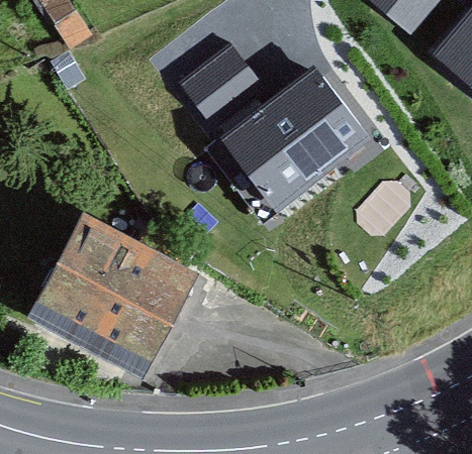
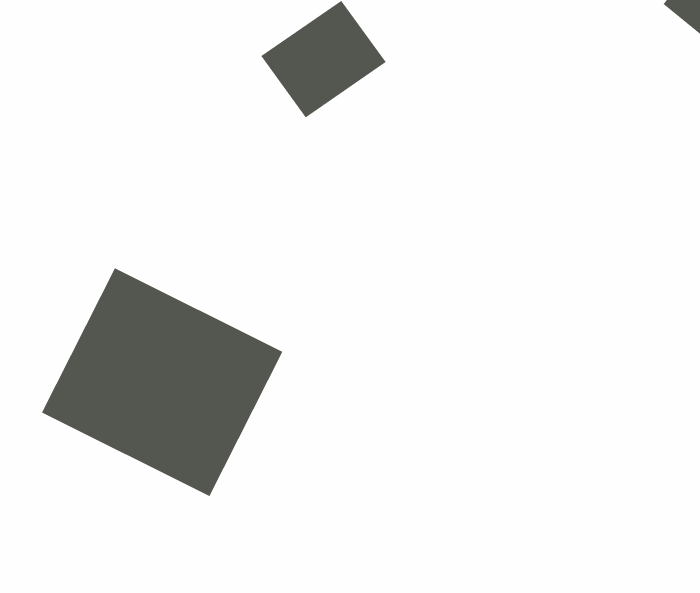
building: [224,70,364,204] -> none

